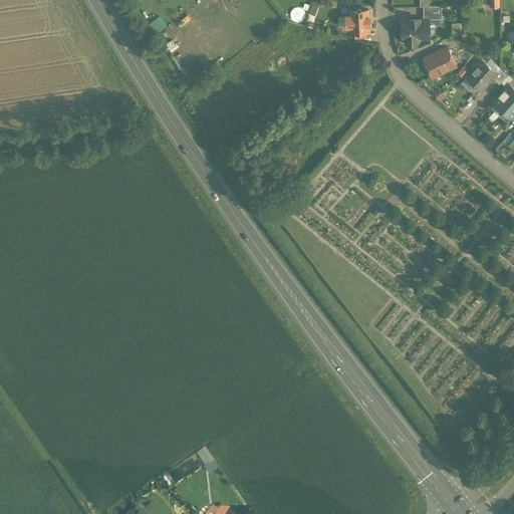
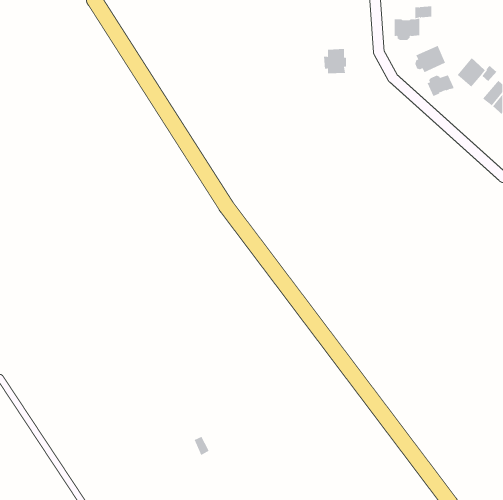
building: [346,9,370,35] -> [323,48,347,74]
building: none -> [427,74,454,97]

